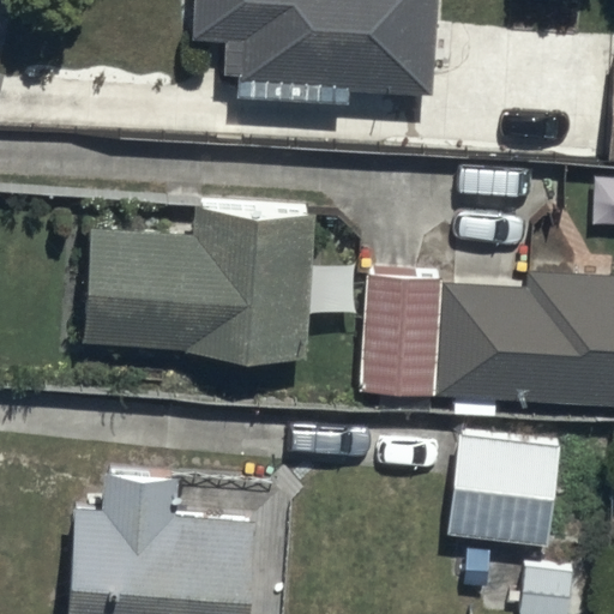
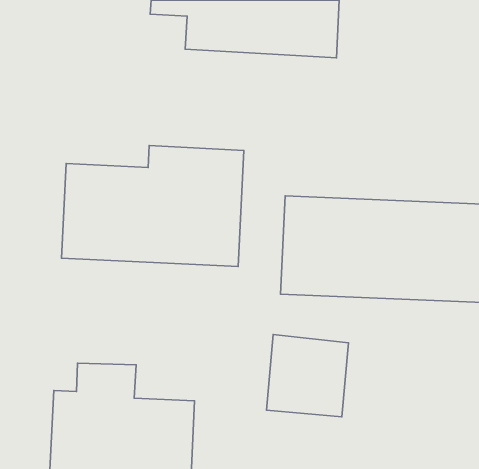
building: [452,446,556,550] -> [266,334,349,417]

